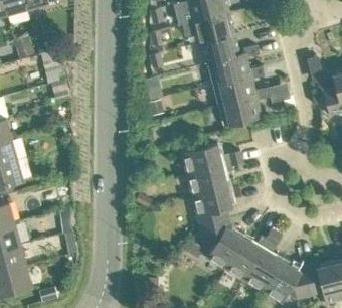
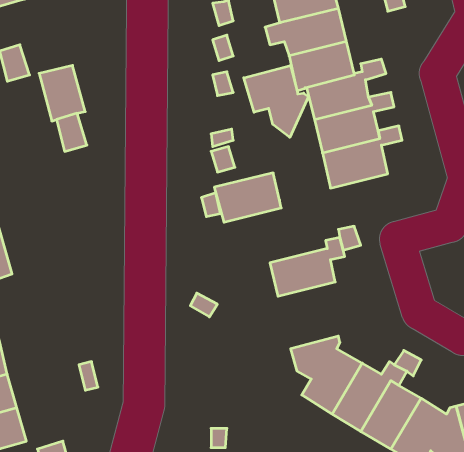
building: none -> [244,65,308,137]
building: [180,143,222,174] -> [214,173,281,222]
building: [191,186,232,228] -> none

